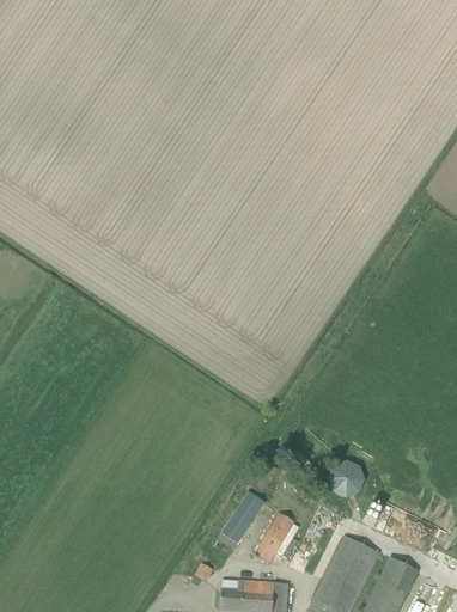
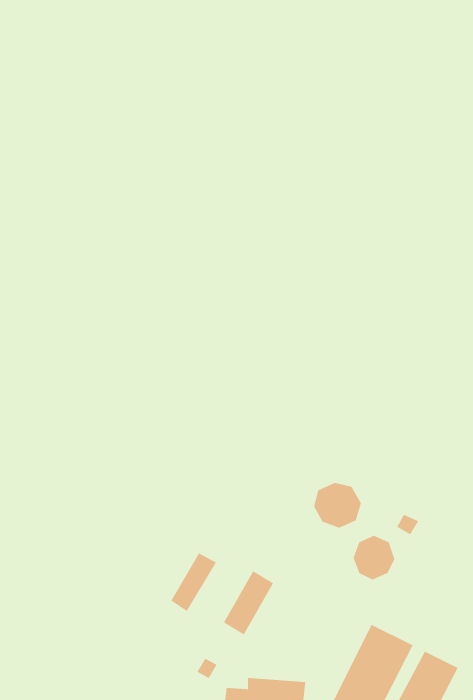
building: none -> [313,482,362,529]
building: [255,514,294,564] -> [170,553,217,612]

